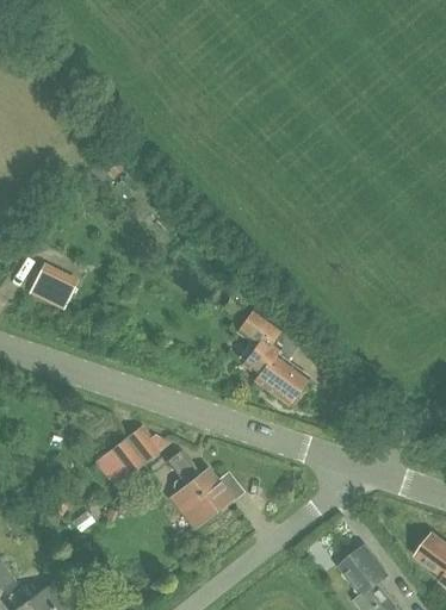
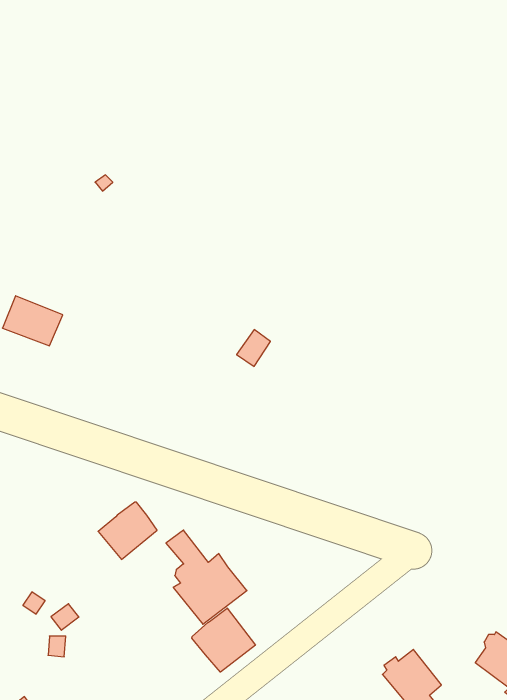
building: [239,311,308,406] -> none
building: none -> [192,608,255,672]

